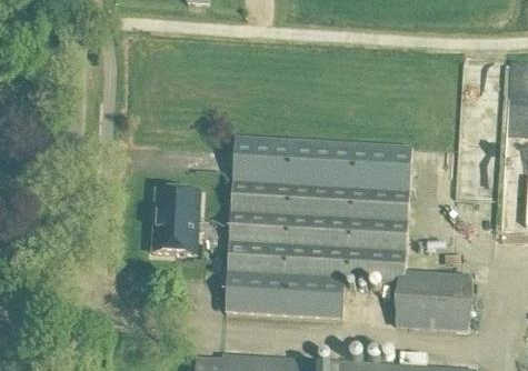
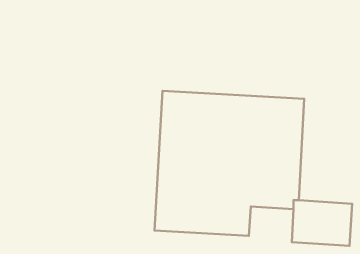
building: [152,190,200,254] -> none

